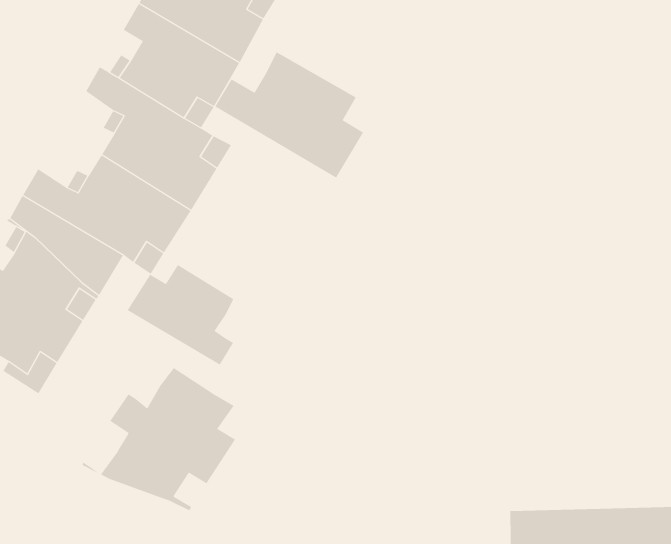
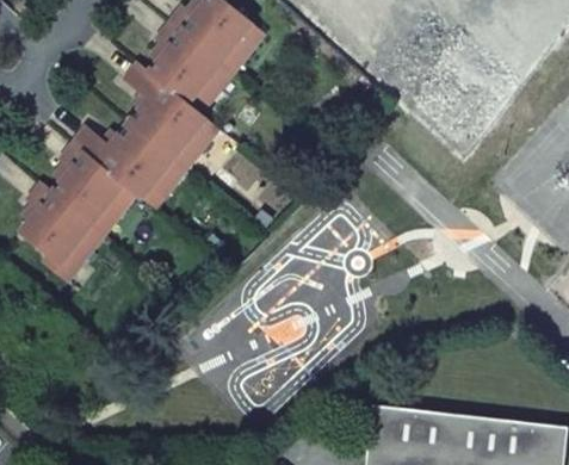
building: [215,52,364,178] -> none
building: [127,264,234,366] -> none
building: [82,367,236,511] -> none

